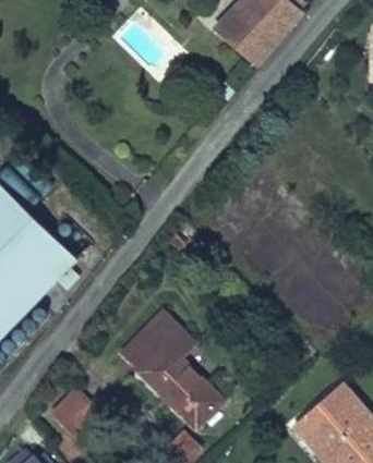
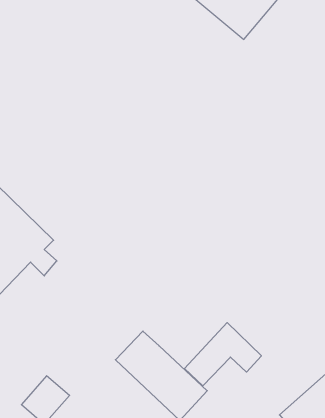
building: [120,310,193,370] -> [185,323,261,386]

